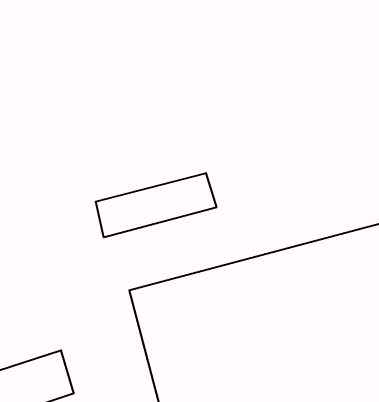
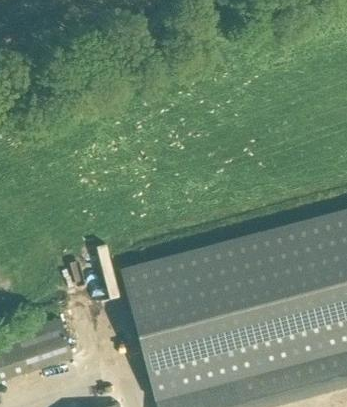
building: [96,173,216,237] -> none

